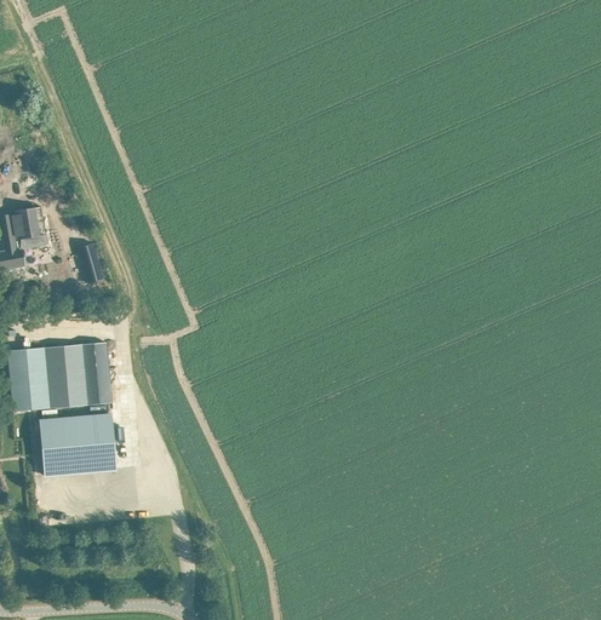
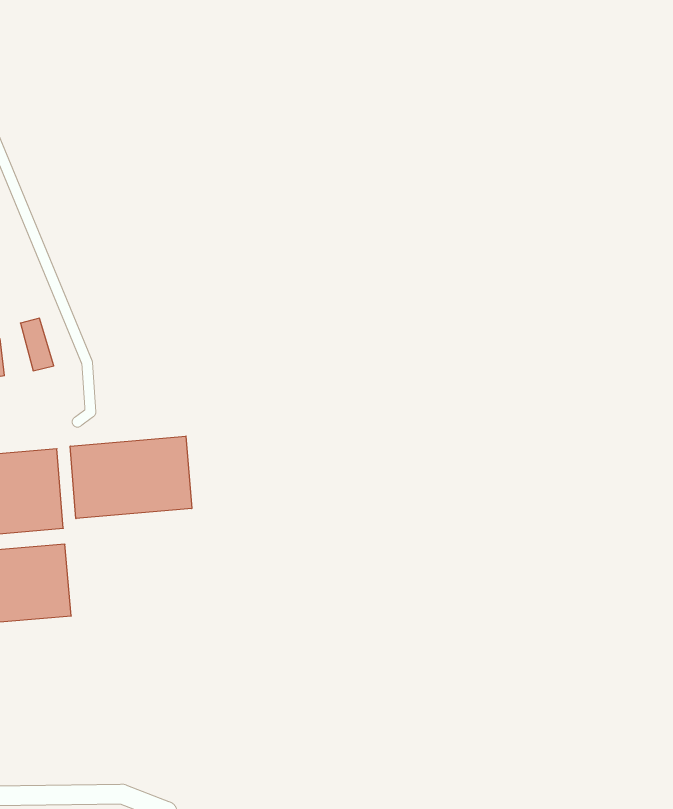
building: none -> [70,436,192,519]

